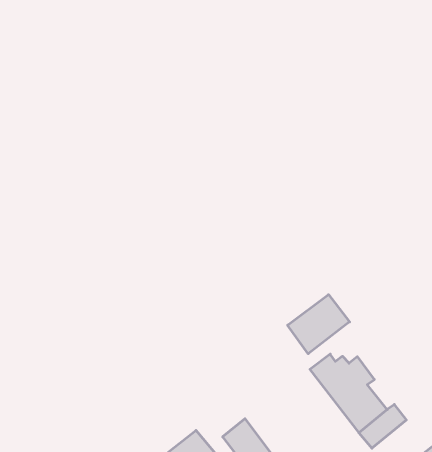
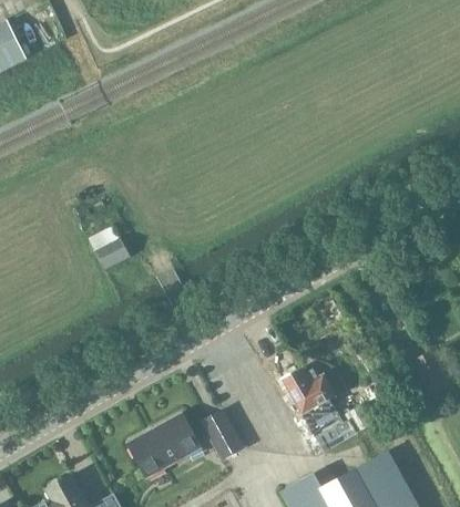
building: none -> [90,227,130,269]
building: [288,295,350,354] -> none

